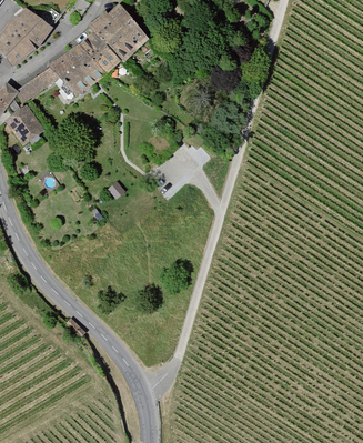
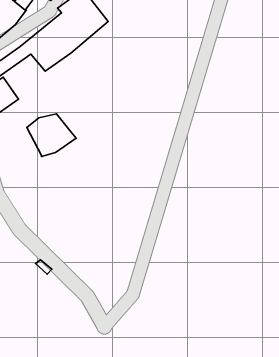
building: none -> [27,114,76,156]

